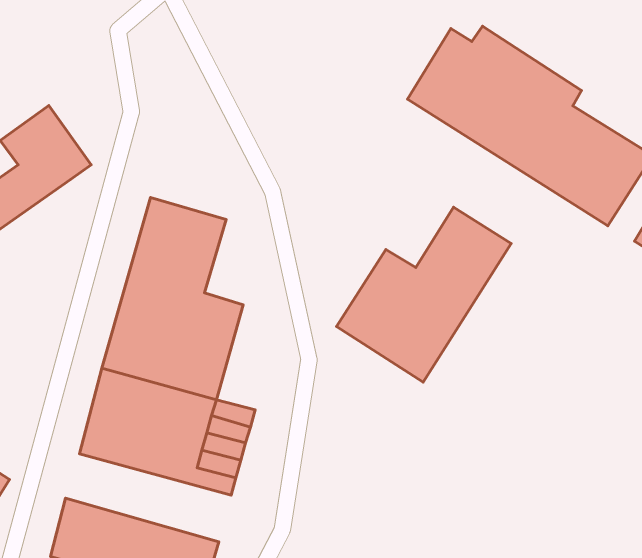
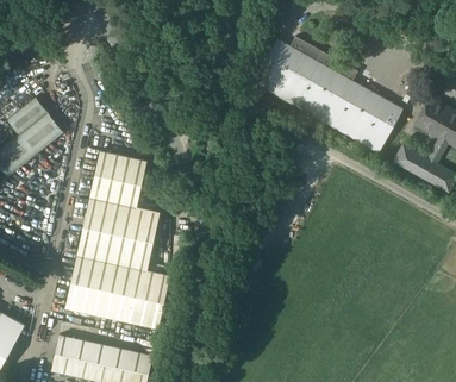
building: [337,207,511,382] -> none

